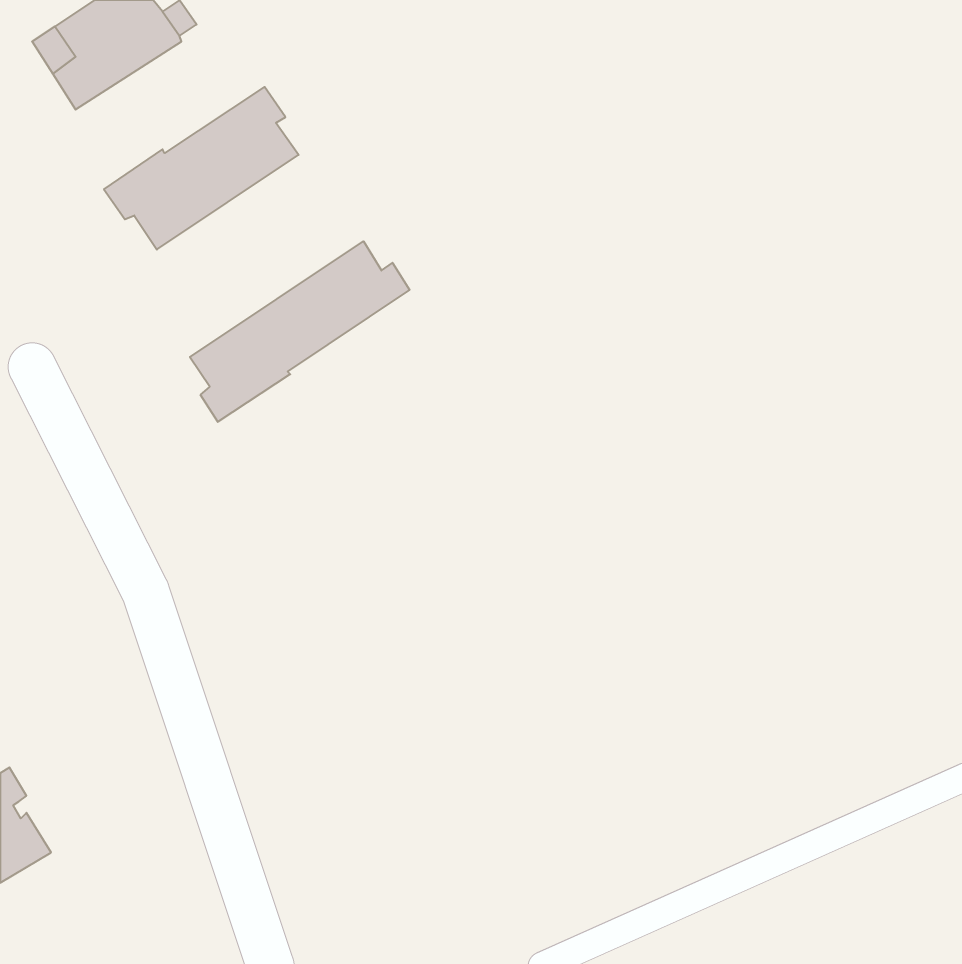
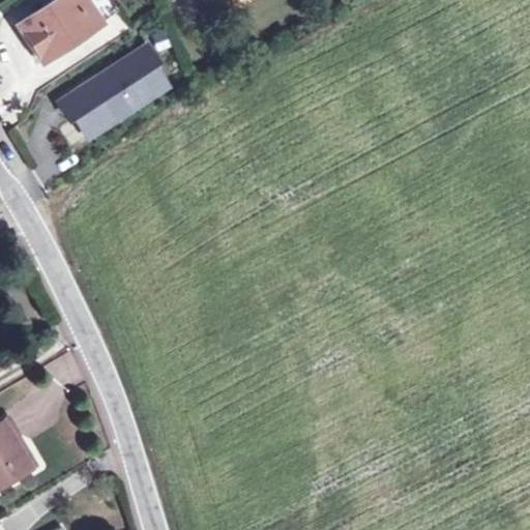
building: [190,241,410,422] -> none

